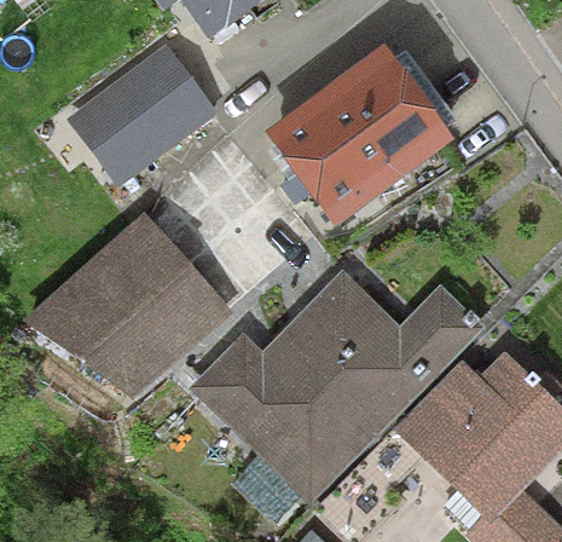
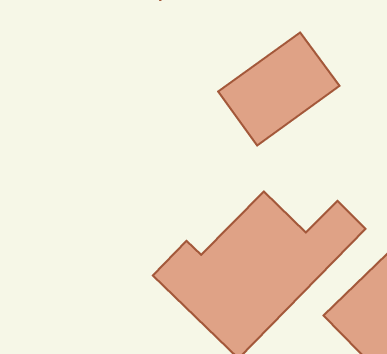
building: [75,53,205,175] -> none
building: [36,225,213,385] -> none

